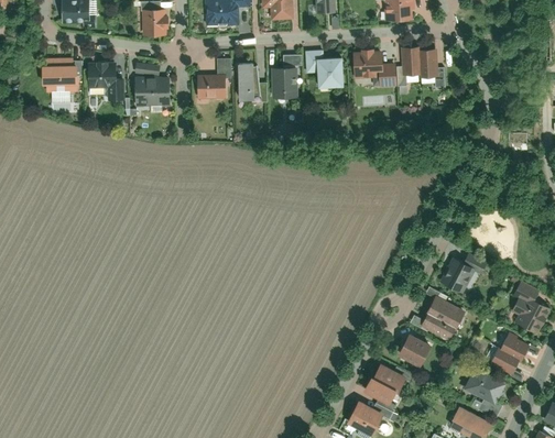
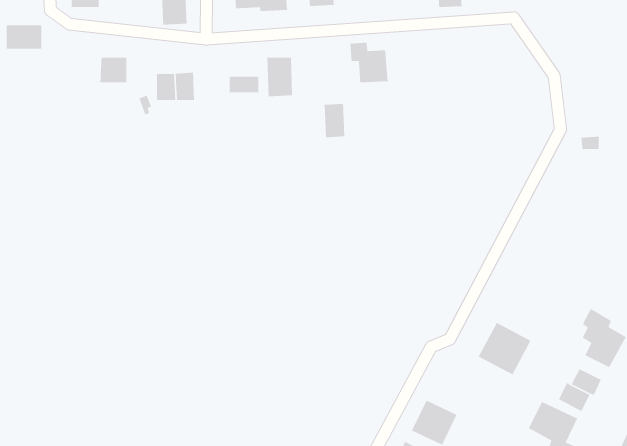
building: [402,44,436,77] -> none
building: [356,50,395,85] -> none
building: [44,66,76,88] -> [6,25,42,50]
building: [272,66,291,97] -> [324,103,345,138]
building: [439,256,476,293] -> none
building: [396,332,433,368] -> none

